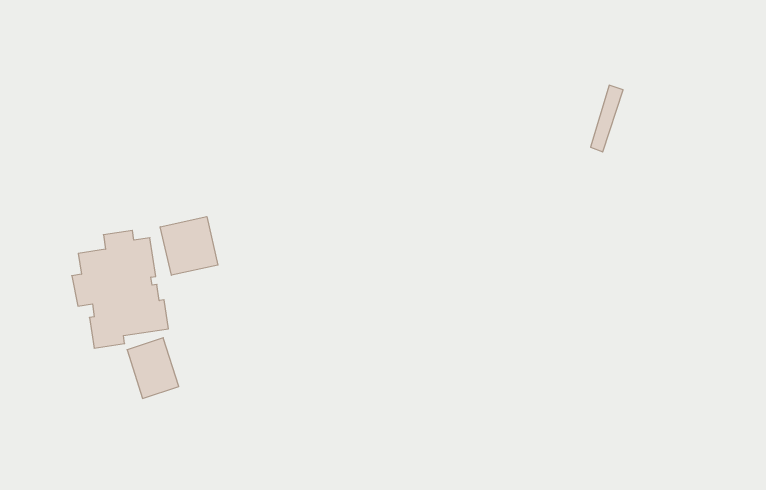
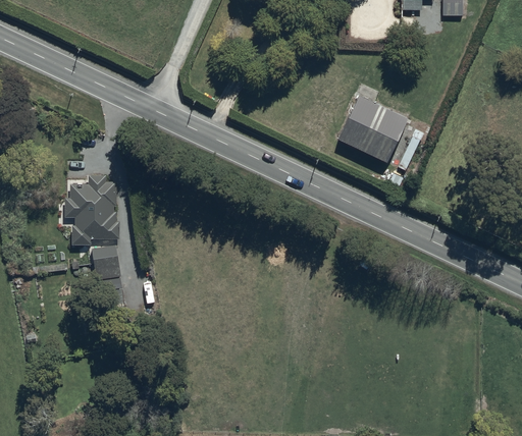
building: none -> [338,94,408,161]
building: [160,217,218,275] -> none

